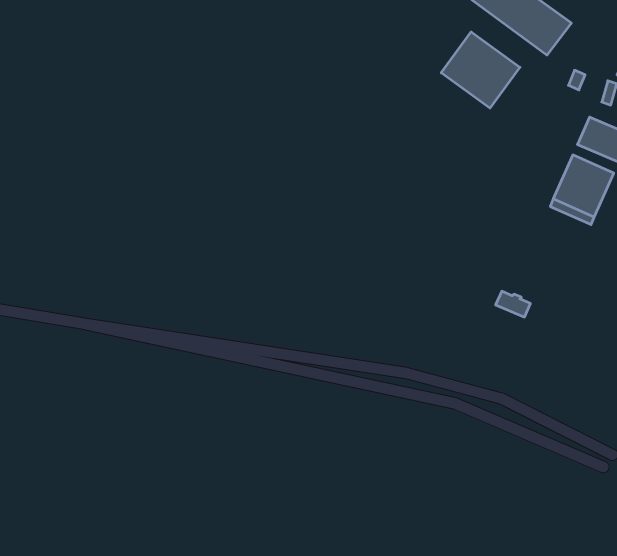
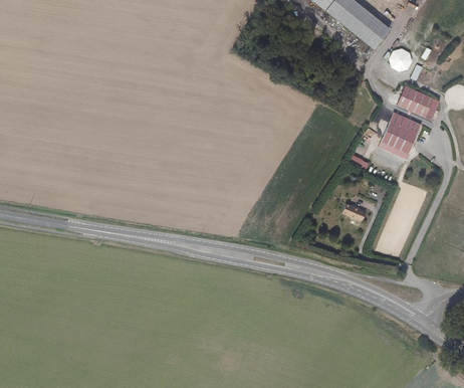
building: [441,32,520,108] -> none

